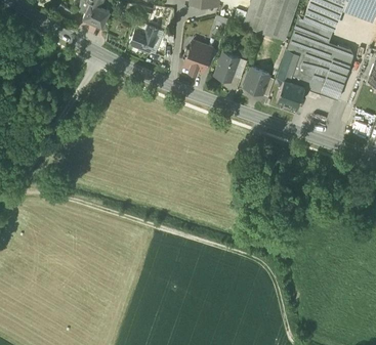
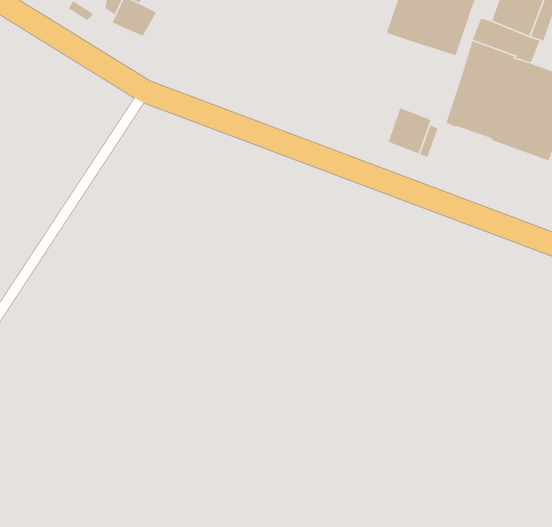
building: [129,28,158,53] -> none
building: [183,42,211,73] -> none
building: [214,53,239,83] -> none
building: [276,80,304,109] -> none

